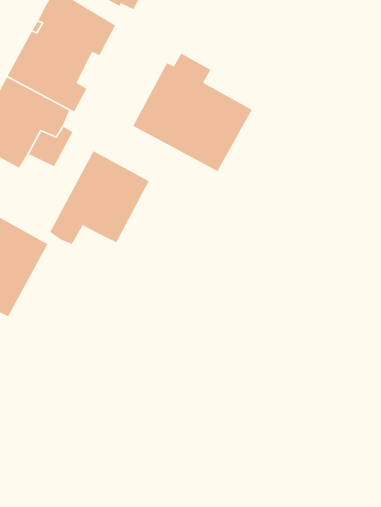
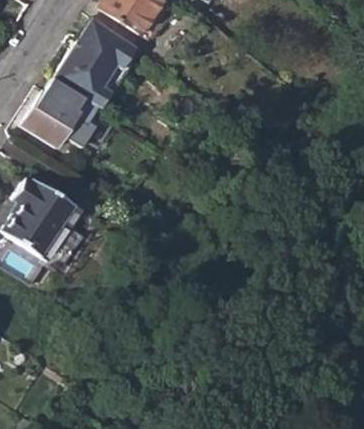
building: [132,52,253,172] -> none
building: [49,150,150,245] -> none

